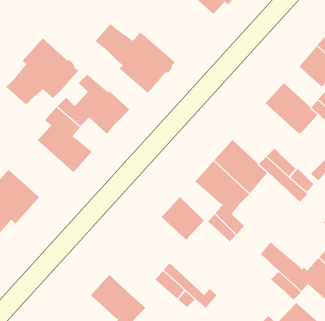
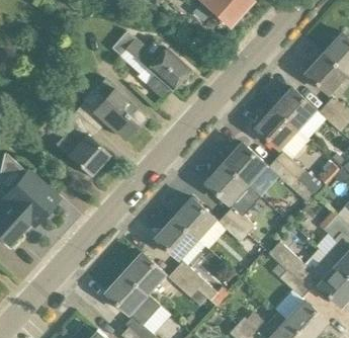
building: [6,38,79,105] -> none
building: none -> [256,108,298,150]
building: none -> [156,218,198,260]
building: none -> [124,253,167,294]

